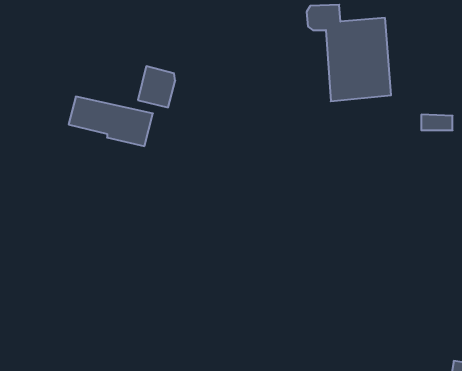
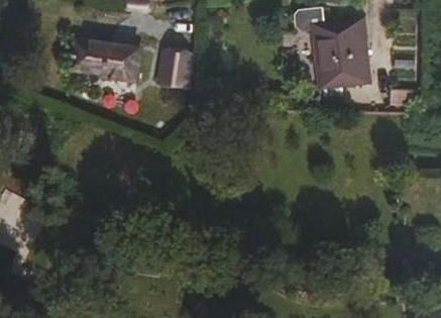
building: [69,97,153,146] -> [69,39,139,81]

